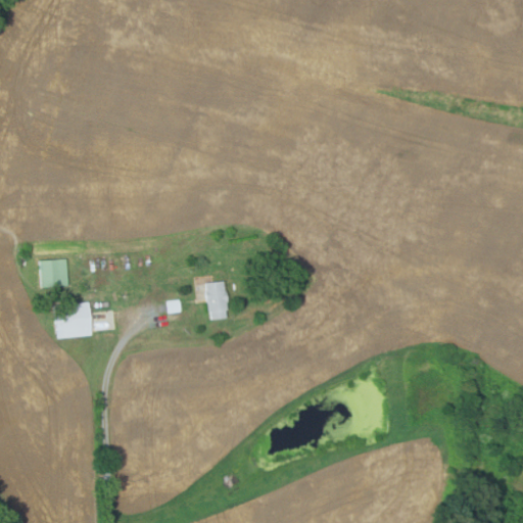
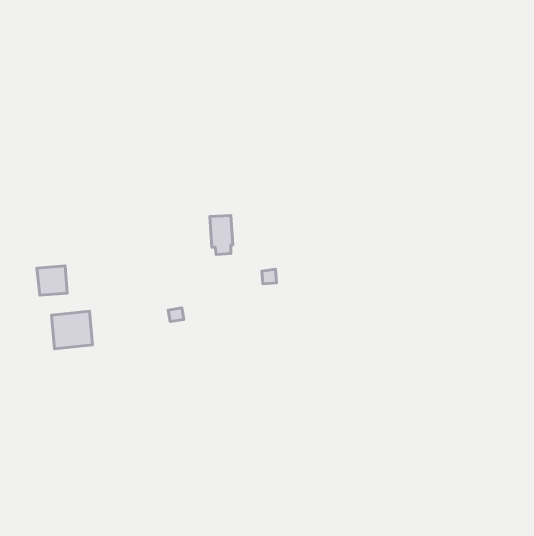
building: [205,282,228,320] -> [210,216,233,254]

